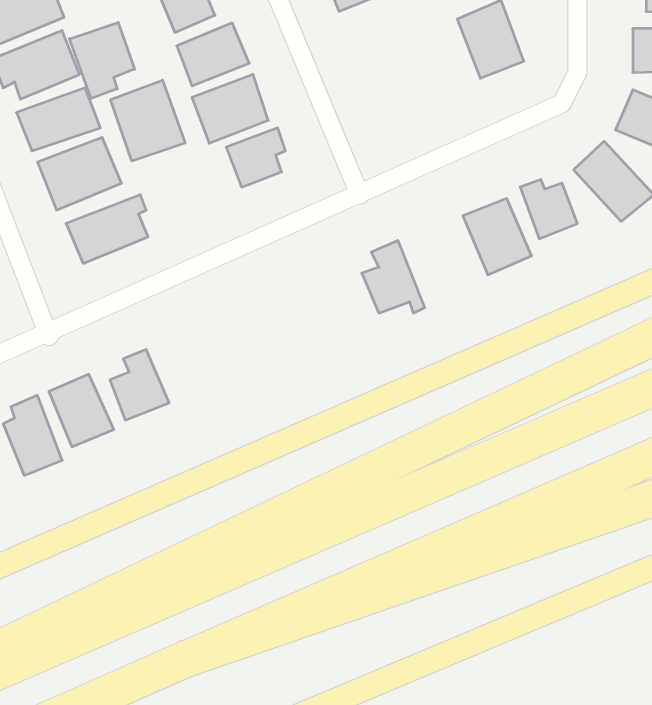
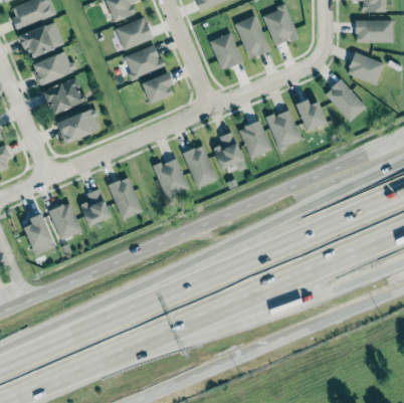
building: none -> [235,15,269,58]
building: [69,22,135,99] -> none
building: none -> [209,32,242,70]
building: [111,80,185,161] -> none
building: none -> [239,122,270,158]
building: none -> [182,145,217,188]
building: none -> [152,158,189,198]
building: none -> [108,177,142,220]

